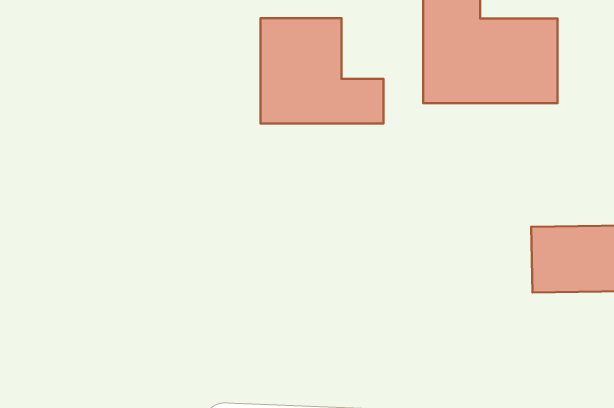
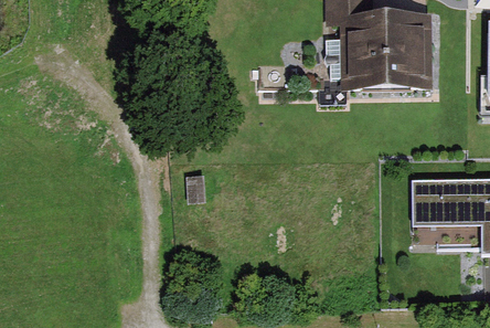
building: [260,18,384,124] -> none

